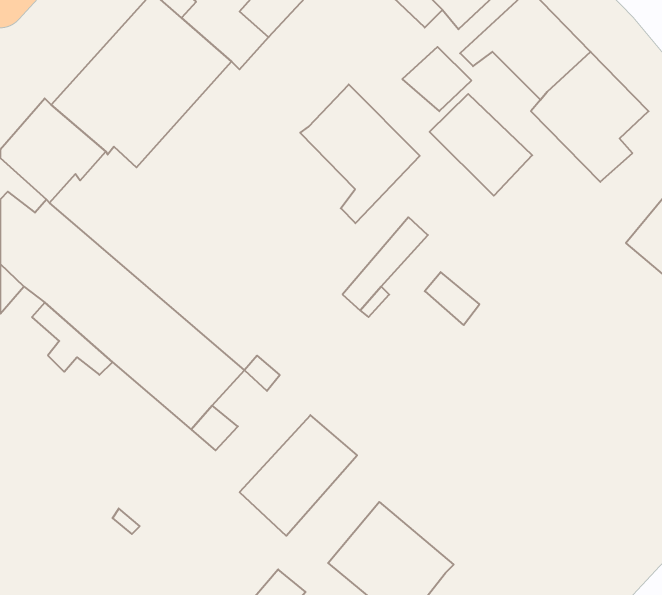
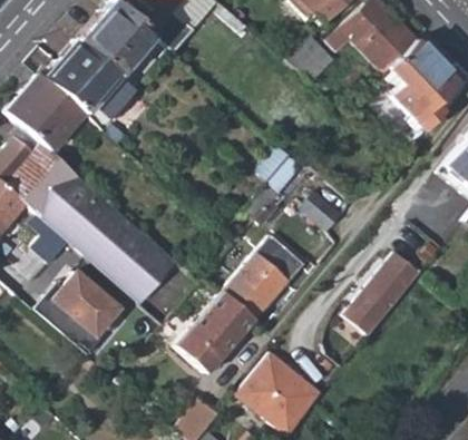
building: [300,84,420,223] -> none
building: [430,94,532,196] -> none
building: none -> [223,235,303,319]
building: none -> [344,251,422,335]
building: none -> [36,271,117,353]

